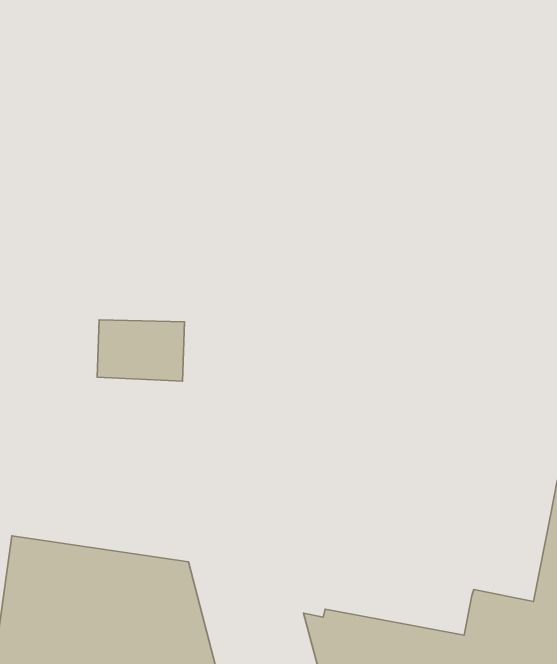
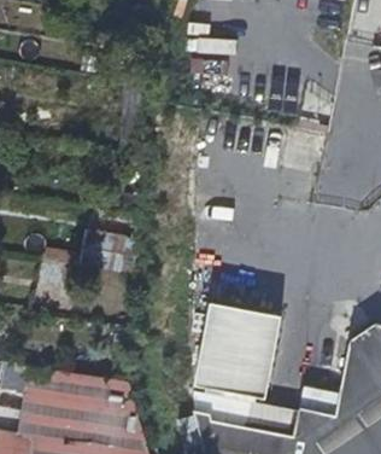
building: none -> [195,290,304,426]

